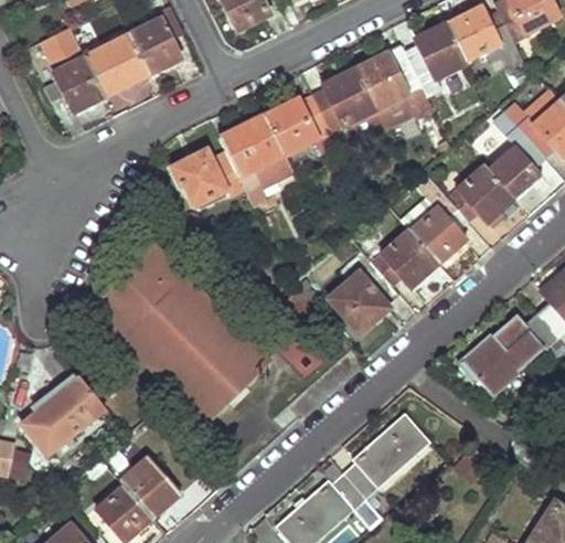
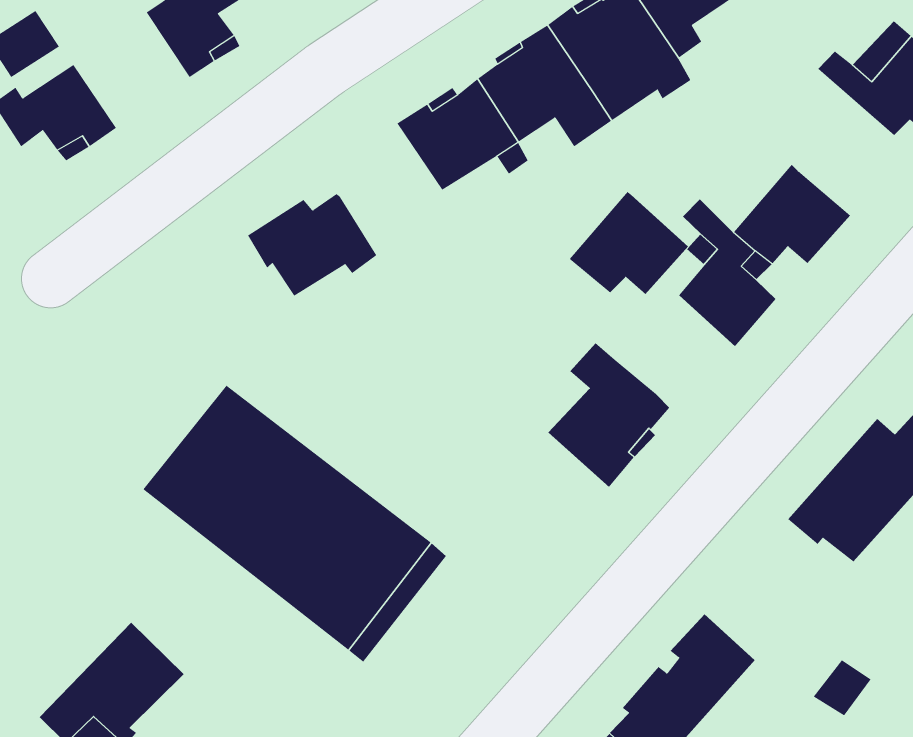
building: [86,32,151,97] -> none
building: [488,111,544,198] -> none
building: [221,114,295,205] -> none
building: [372,227,440,287] -> [569,191,689,295]

